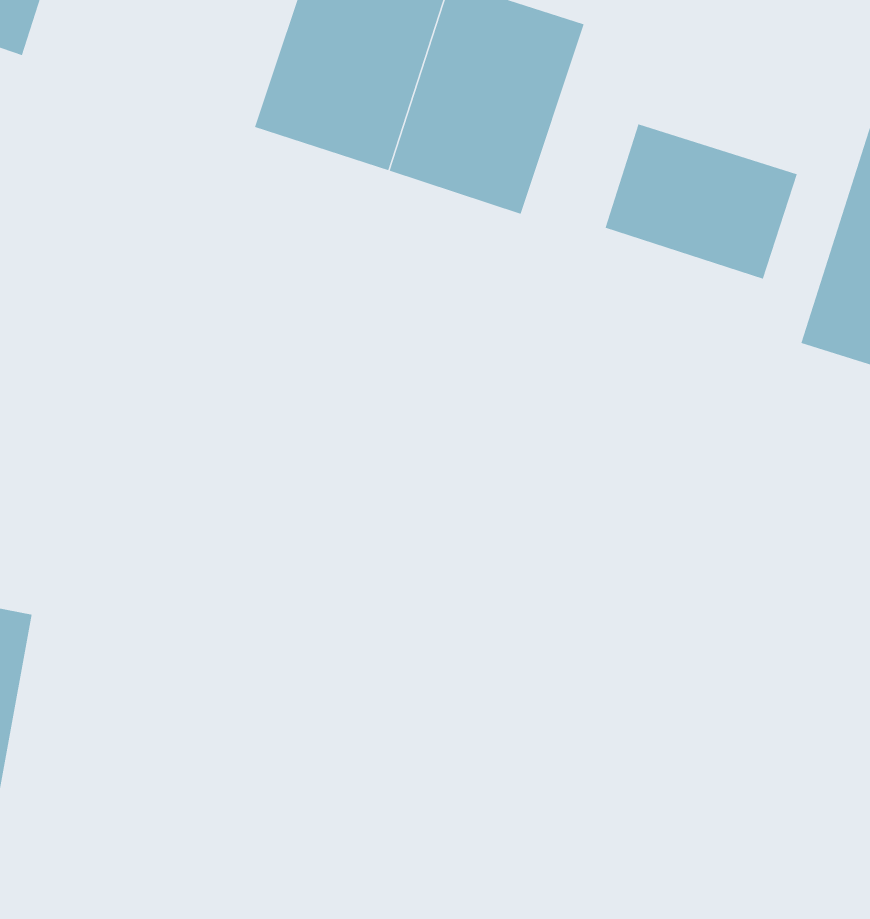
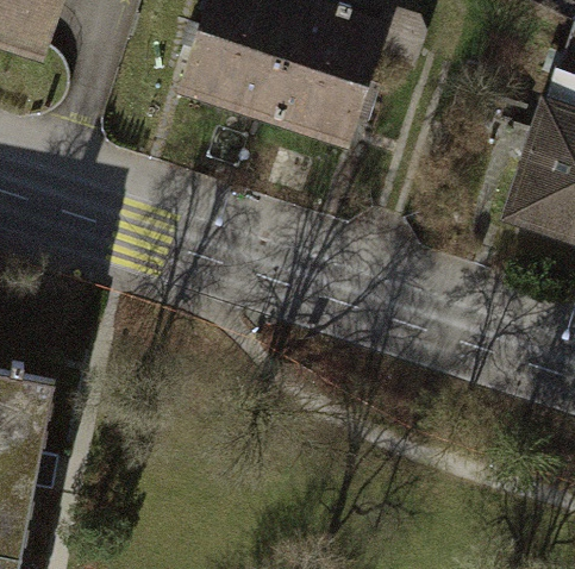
building: [605,124,797,279] -> none

